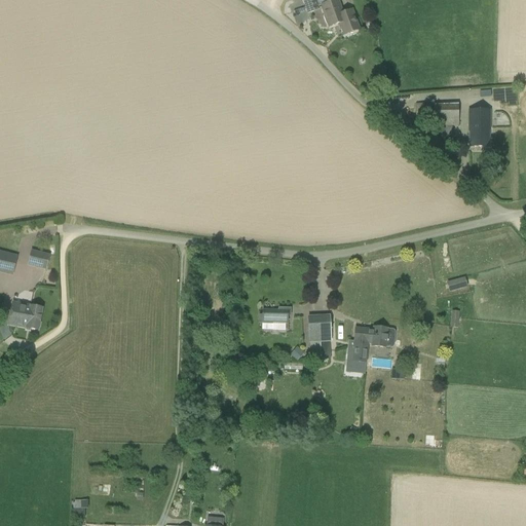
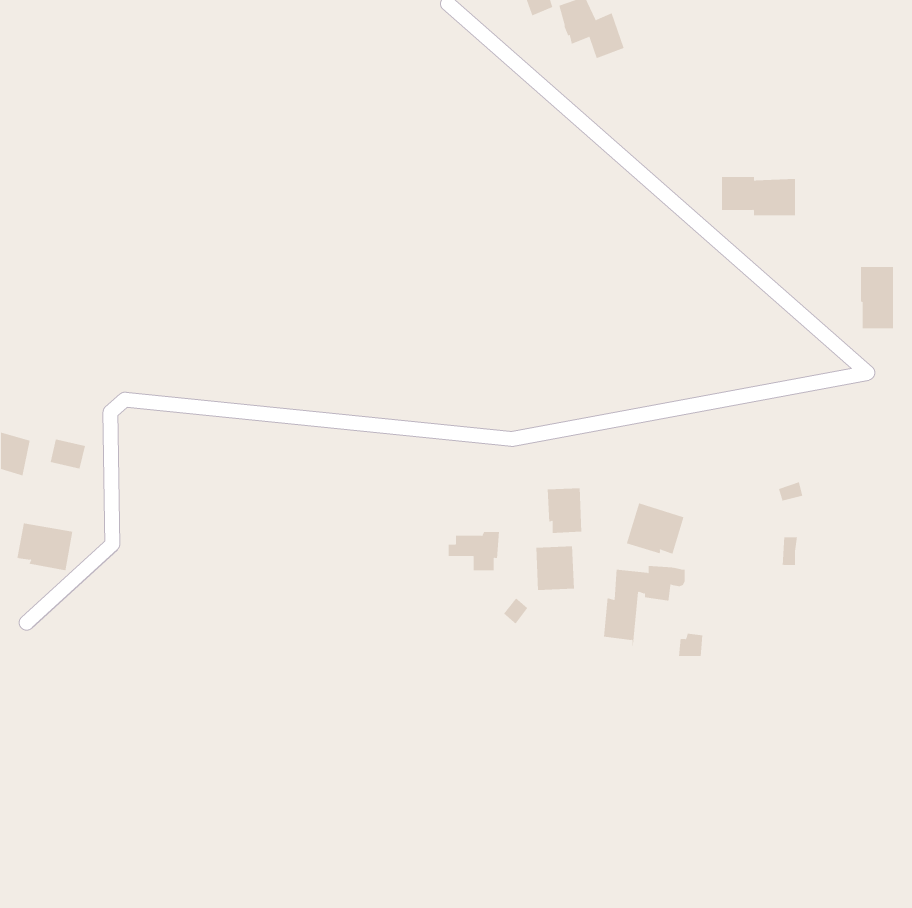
building: [468,109,488,145] -> [860,267,894,329]
building: none -> [547,488,582,534]
building: none -> [626,503,684,557]

